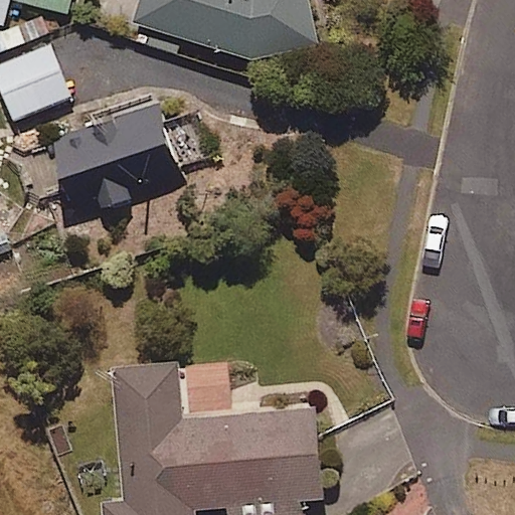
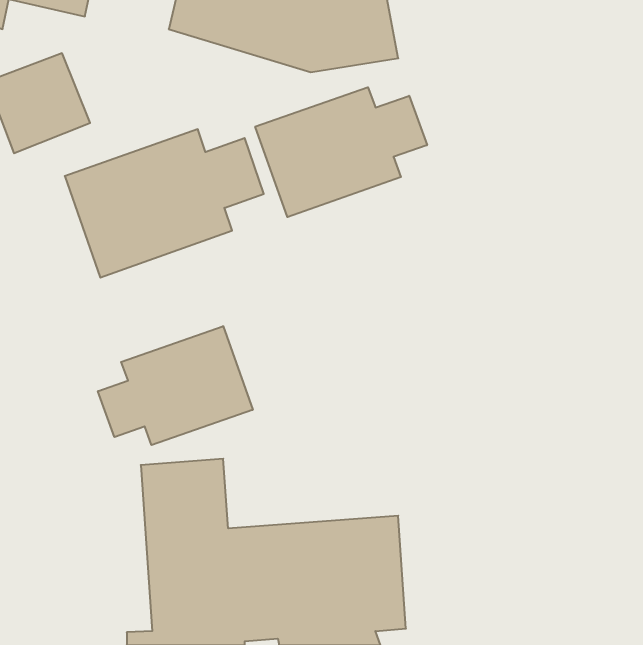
building: none -> [255,87,427,217]
building: none -> [98,326,253,445]

